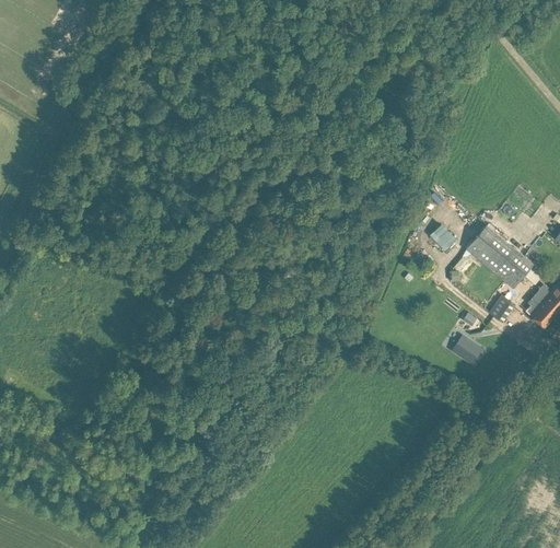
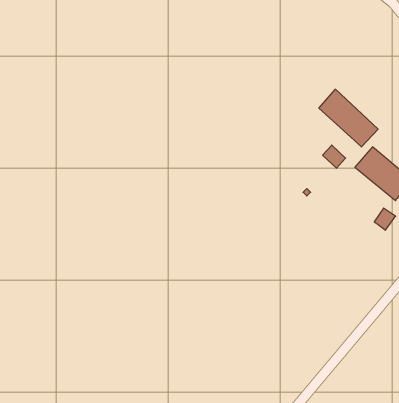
building: none -> [319,89,378,147]
building: [453,336,483,365] -> none

